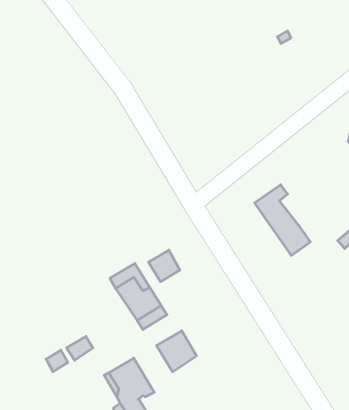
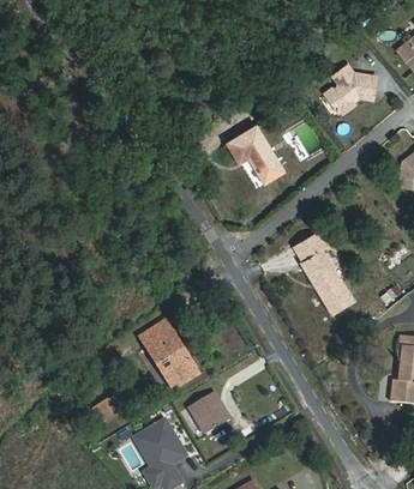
building: none -> [326,65,376,111]
building: none -> [232,128,286,181]
building: [149,250,180,282] -> none

